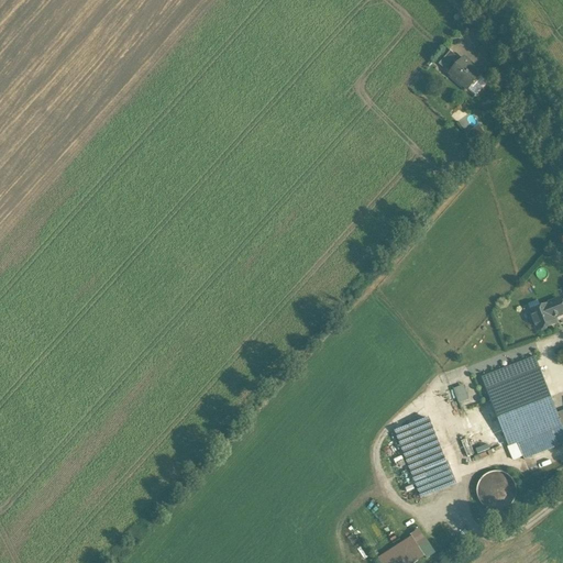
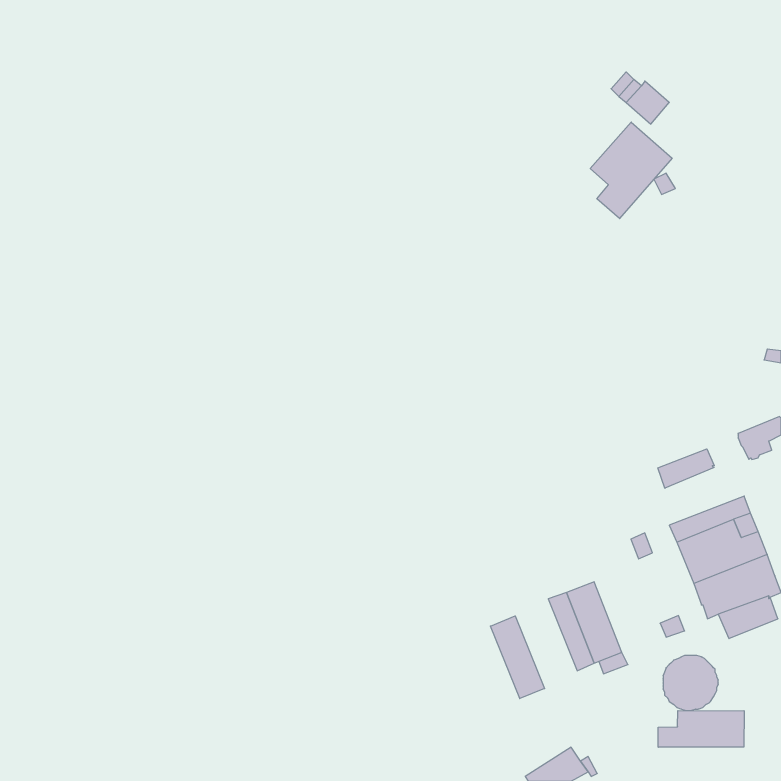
building: none -> [590,122,672,219]
building: none -> [658,449,714,488]
building: none -> [490,616,545,699]
building: none -> [658,711,744,747]

